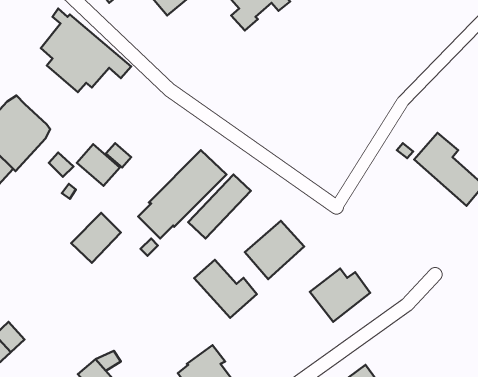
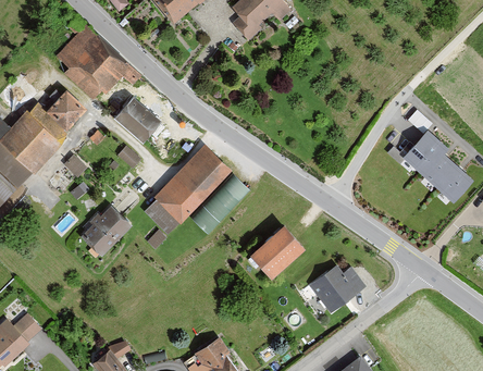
building: none -> [40,86,83,128]
building: [77,144,120,186] -> [119,104,159,144]
building: [194,260,257,318] -> none

